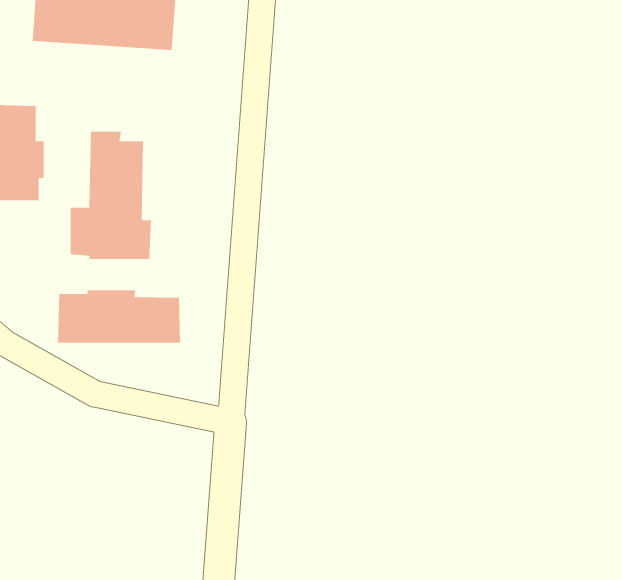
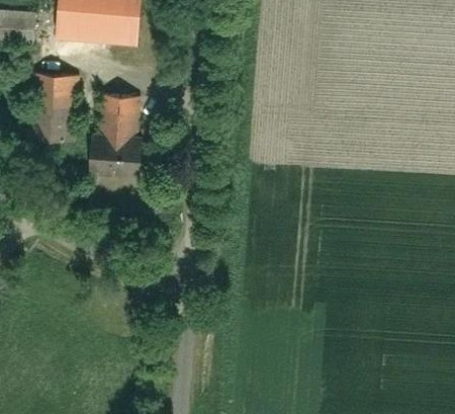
building: [57,289,181,344] -> none

